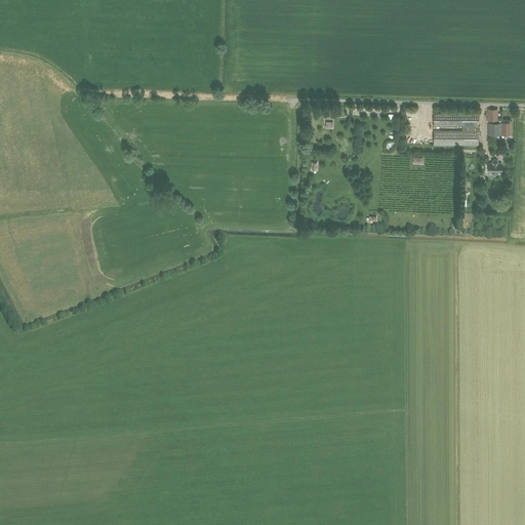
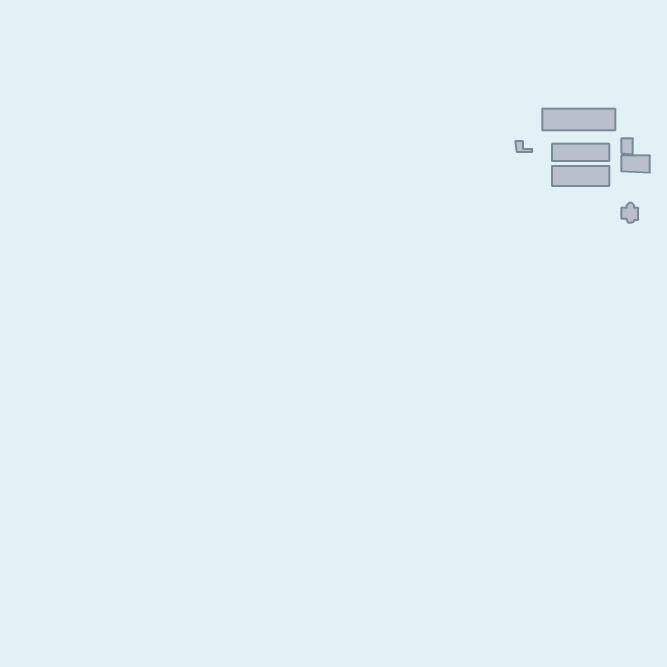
building: none -> [542,109,615,130]

